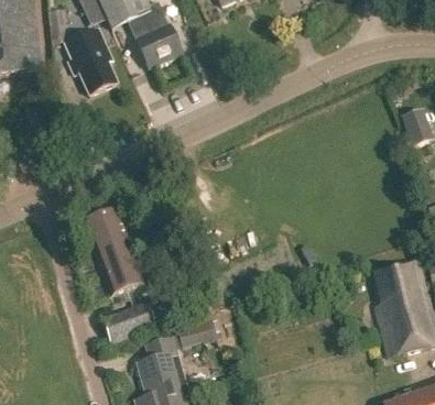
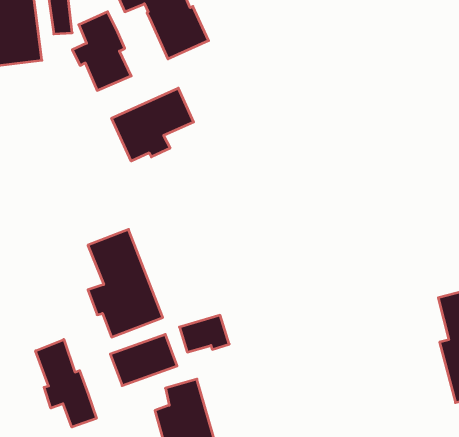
building: none -> [112,88,194,161]
building: none -> [36,339,96,427]
building: [175,314,217,344] -> [179,315,229,352]

